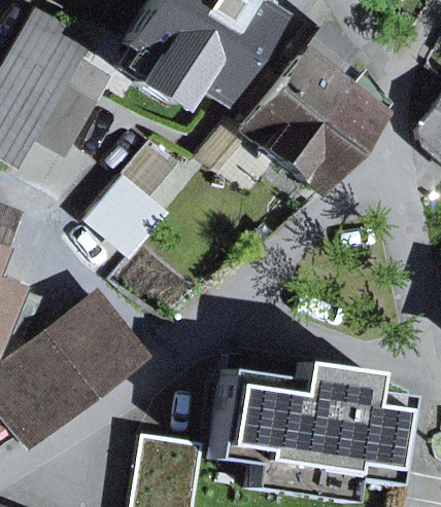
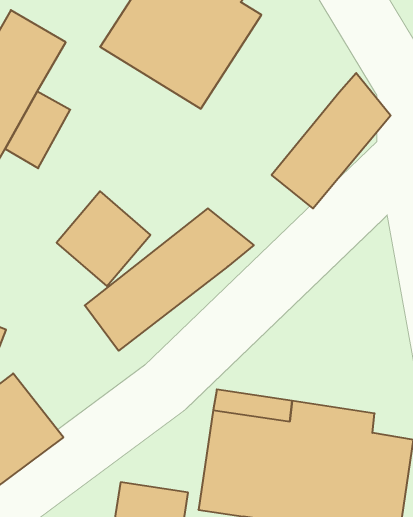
building: [240,29,353,160] -> none
building: none -> [85,208,254,351]
building: [44,298,143,396] -> none

